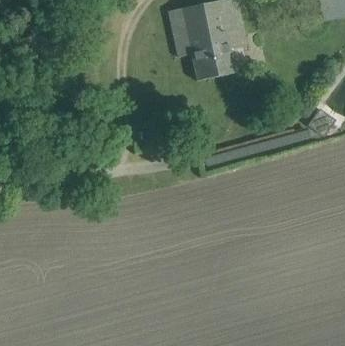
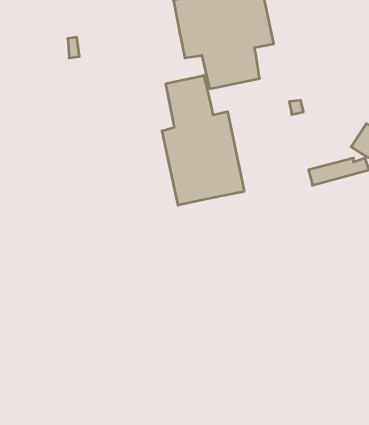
building: none -> [162,75,244,205]

